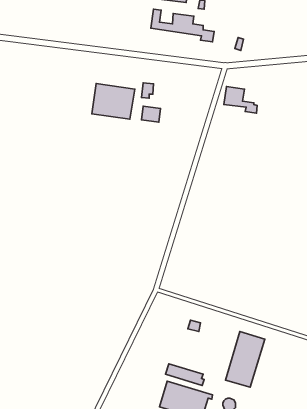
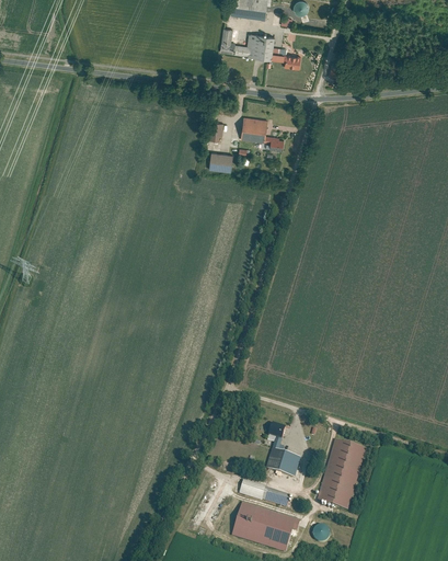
building: [92,83,135,119] -> none
building: [224,87,257,113] -> [241,115,284,149]
building: none -> [264,447,301,478]

